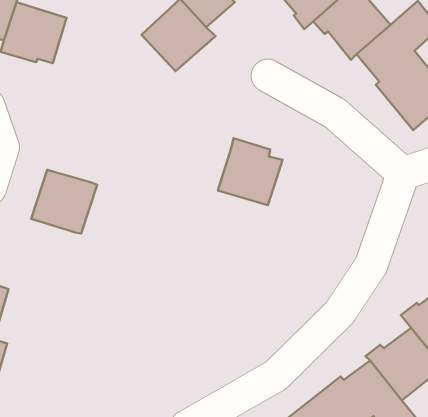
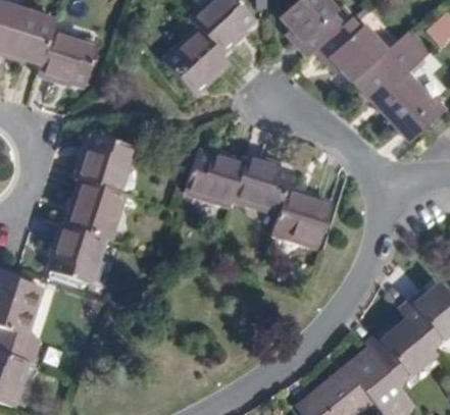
building: none -> [73,135,133,193]
building: none -> [184,151,244,207]
building: none -> [270,189,331,248]
building: none -> [50,224,104,283]

